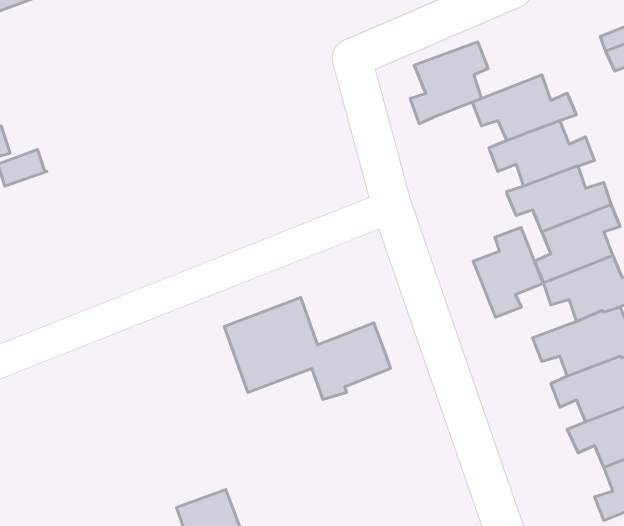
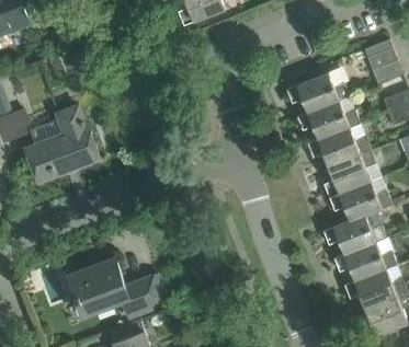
building: [410,42,488,124] -> none
building: none -> [26,107,101,183]
building: [473,227,543,317] -> none
building: [224,297,390,400] -> [69,258,169,320]

